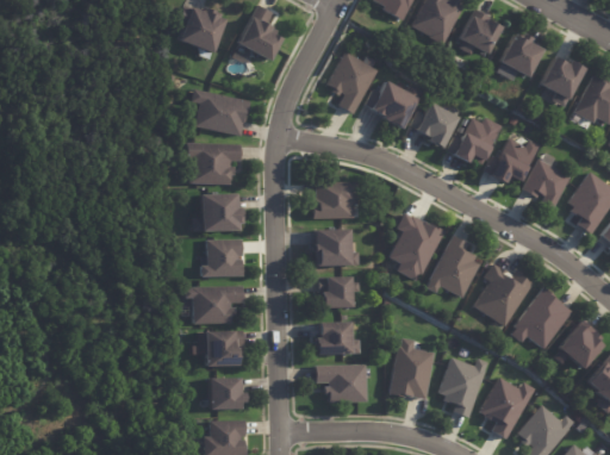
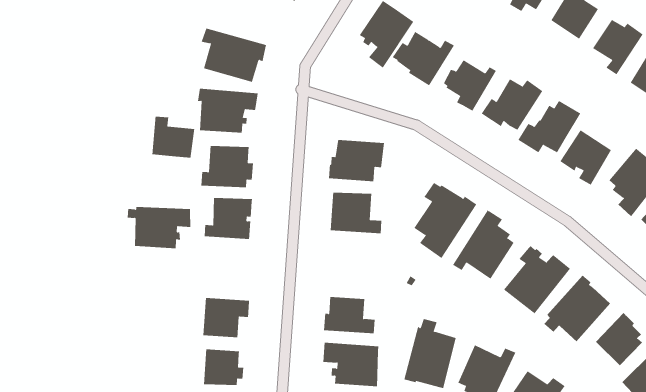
building: none -> [152,116,195,158]
building: [318,276,360,307] -> none
building: [186,286,244,323] -> [127,207,191,249]

